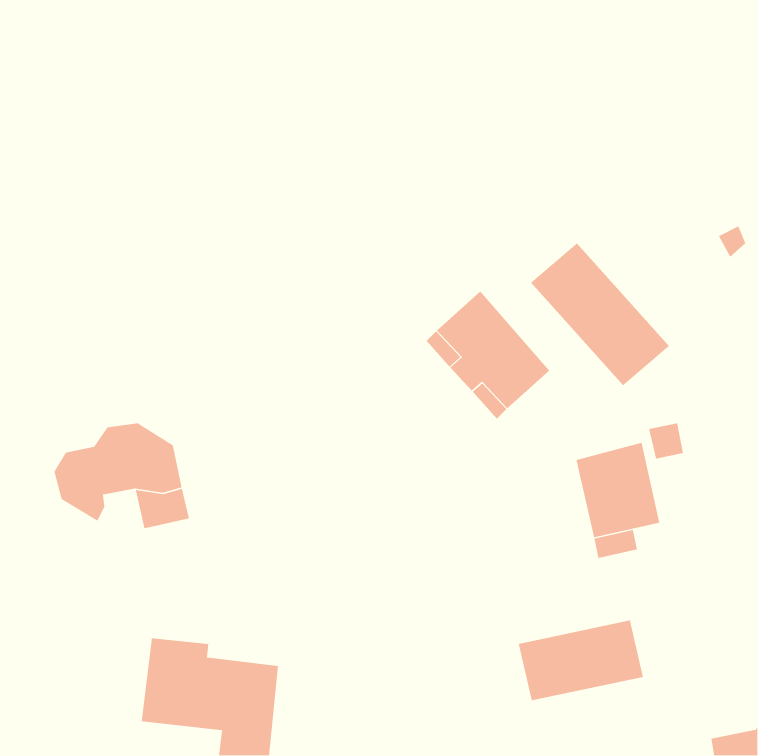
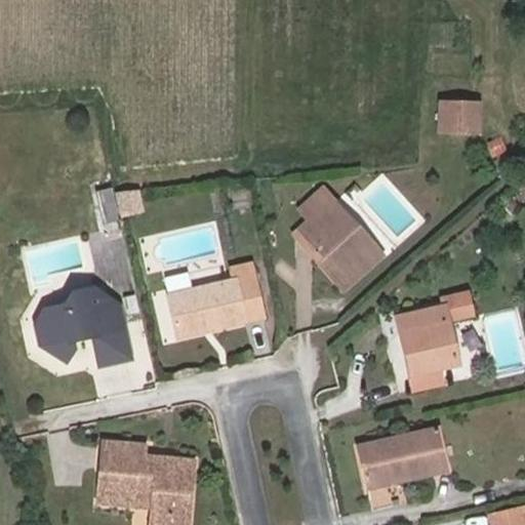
building: none -> [440,105,480,134]
building: [530,242,670,386] -> none
building: none -> [169,267,262,337]

